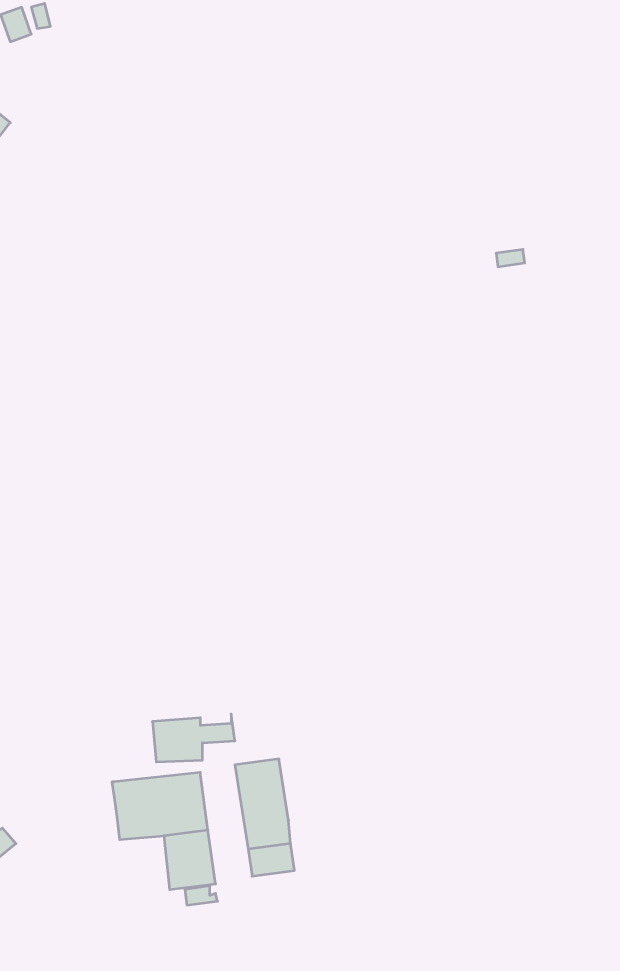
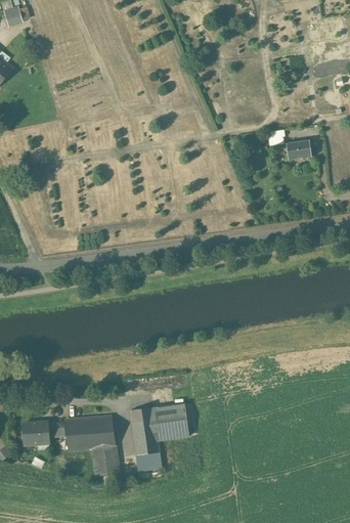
building: none -> [286,140,311,160]
building: [152,714,235,762] -> [21,420,65,445]
building: none -> [152,403,188,440]

